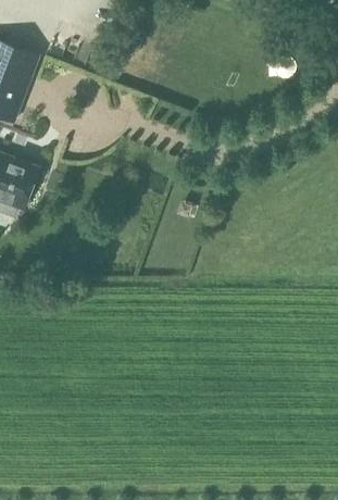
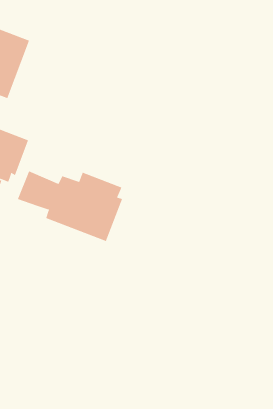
building: none -> [17,171,123,242]

